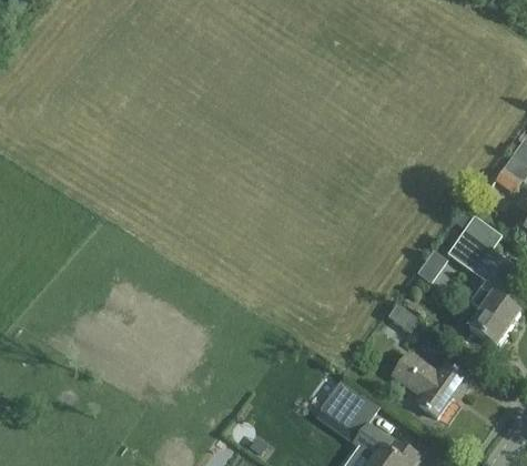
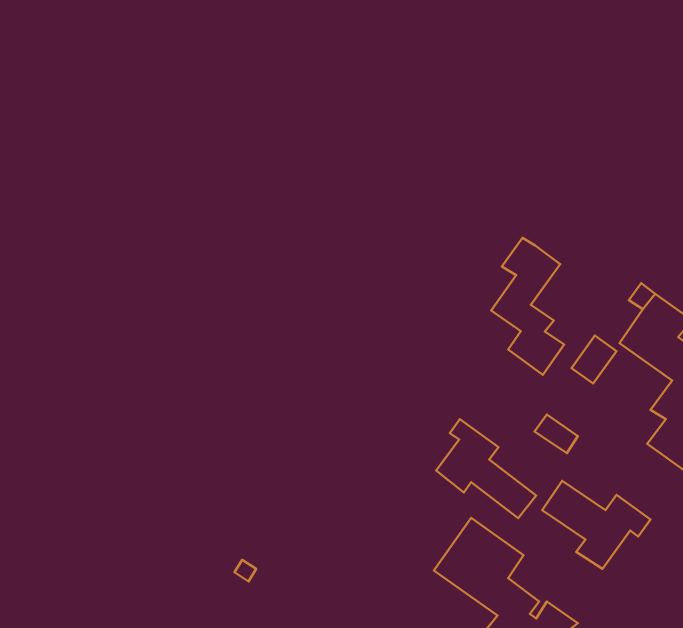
building: none -> [491,238,564,375]
building: none -> [436,419,536,518]

